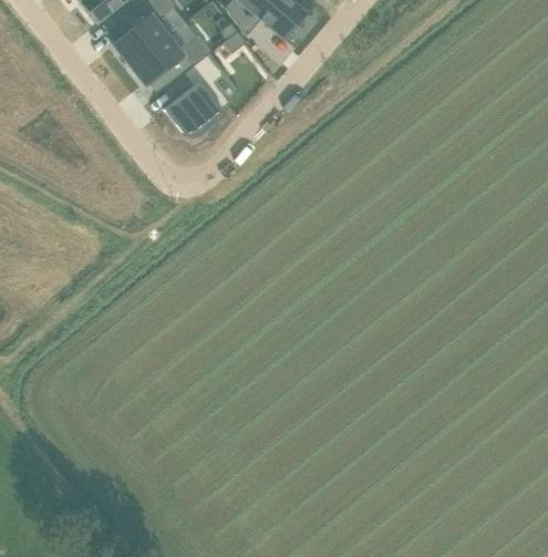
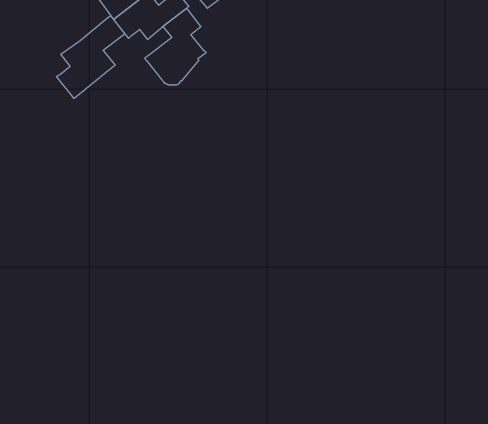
building: none -> [57,16,124,98]

